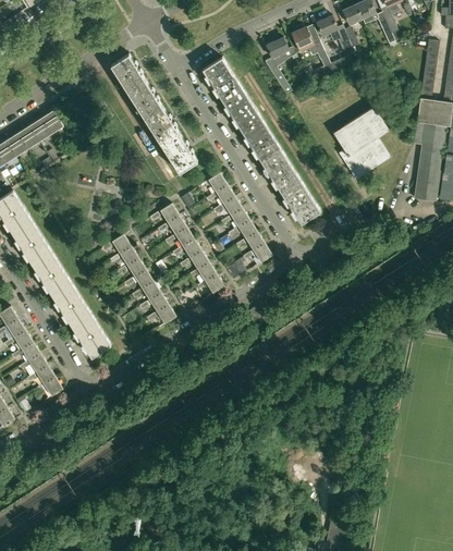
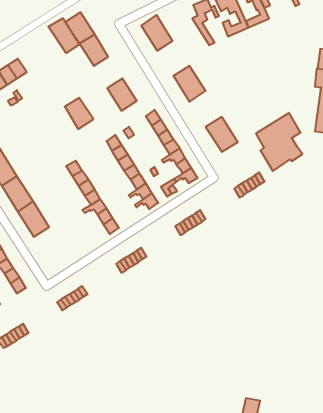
building: none -> [48,18,80,53]
building: [222,88,261,131] -> none
building: [333,107,390,177] -> [256,113,302,171]
building: [145,108,180,146] -> [65,98,93,129]
building: [261,149,301,193] -> none
building: [72,315,111,357] -> none

